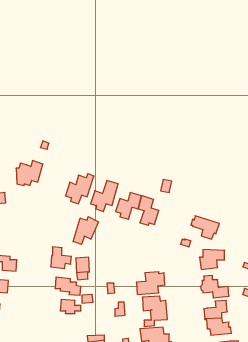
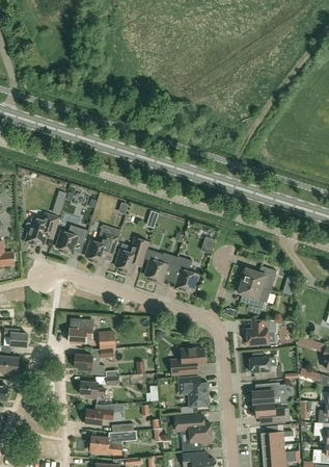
building: none -> [57,225,88,256]
building: none -> [242,265,277,289]
building: [73,217,98,244] -> none
building: none -> [85,404,114,424]

